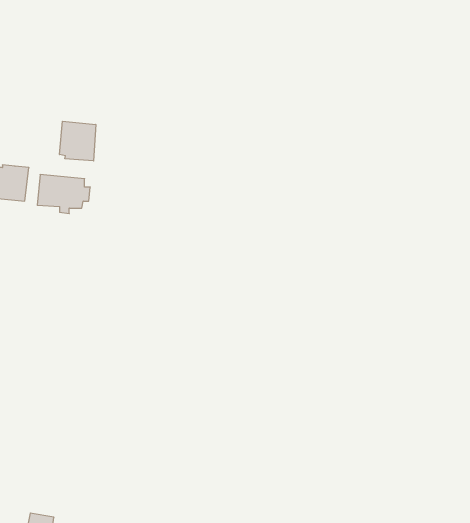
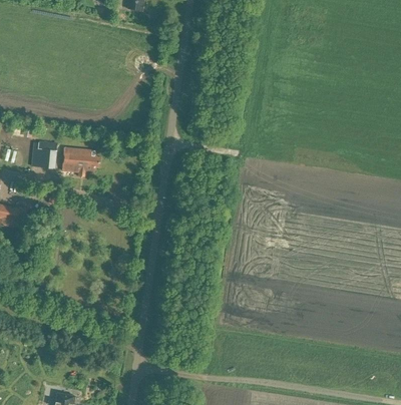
building: [60,121,96,161] -> none

